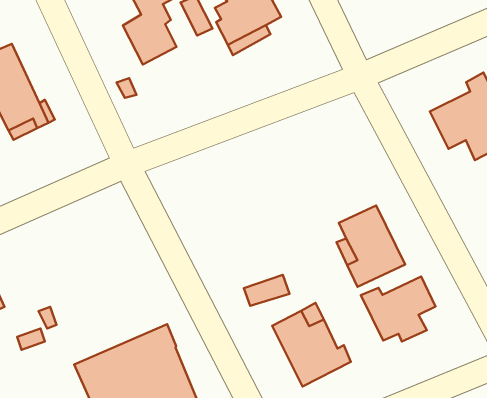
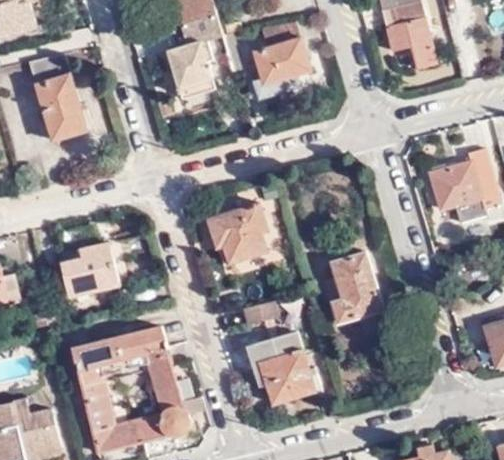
building: none -> [207,203,268,264]
building: none -> [61,245,127,295]
building: [361,277,435,341] -> none

